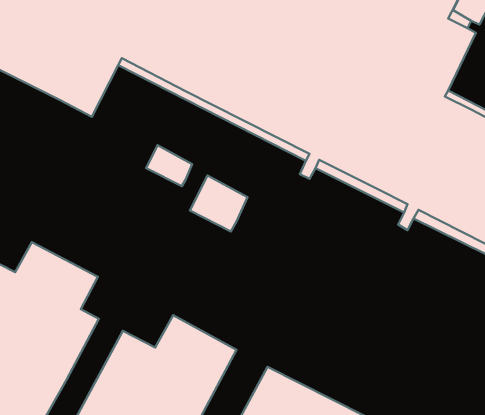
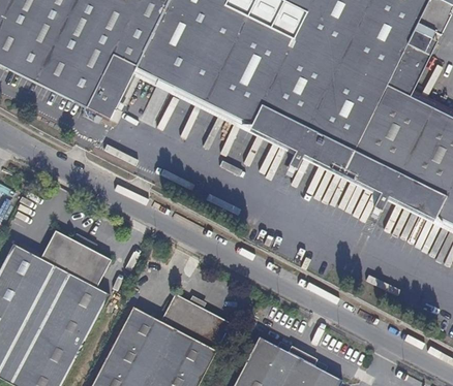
building: [146,145,192,186] -> none
building: [190,175,248,231] -> none

